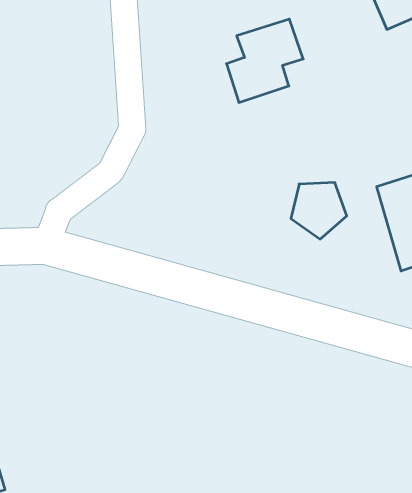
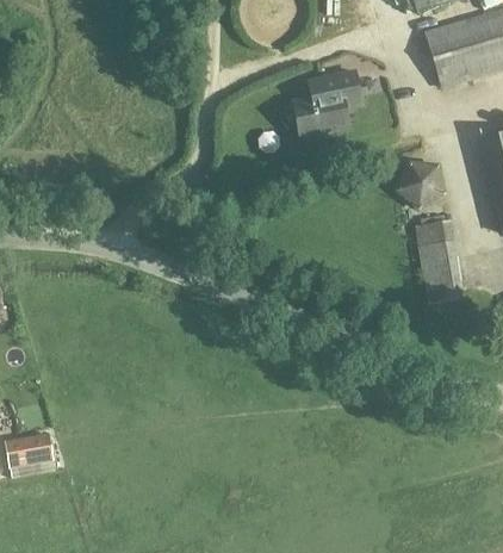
building: [291,183,347,239] -> [395,159,445,210]

